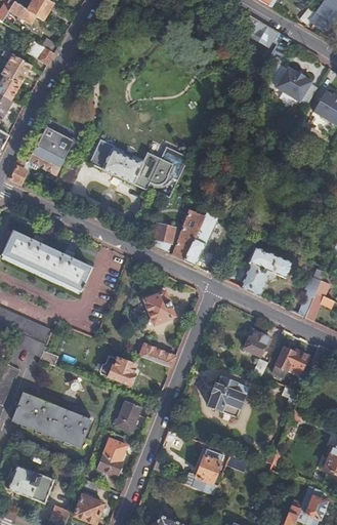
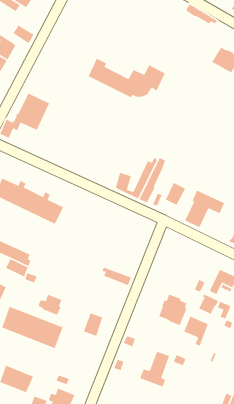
building: [90,138,188,190] -> [87,58,166,98]
building: none -> [165,182,186,206]
building: [143,291,172,323] -> none
building: [244,328,270,355] -> [198,293,219,315]
building: [103,357,134,385] -> [38,294,62,316]
building: none -> [183,316,209,347]
building: [97,438,126,476] -> none

